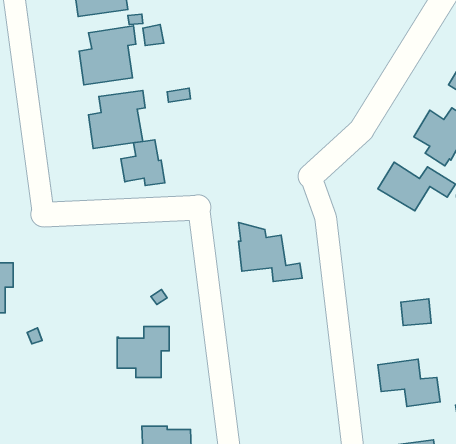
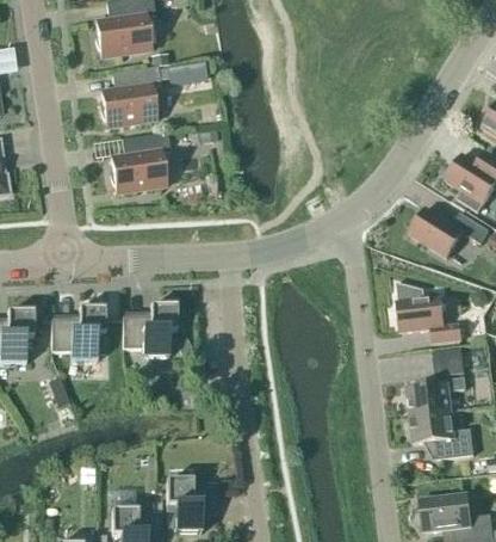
building: [121,140,165,185] -> none
building: [238,223,302,282] -> [396,282,461,343]
building: none -> [51,307,105,359]
building: [117,327,169,377] -> [123,304,176,357]
building: none -> [407,376,466,415]

